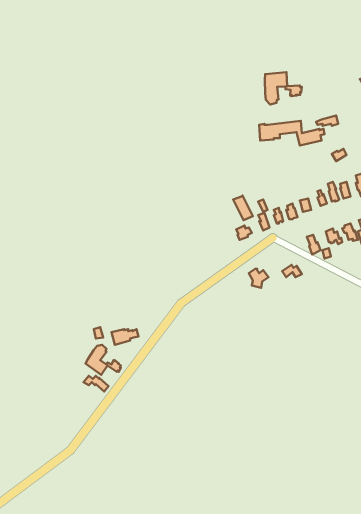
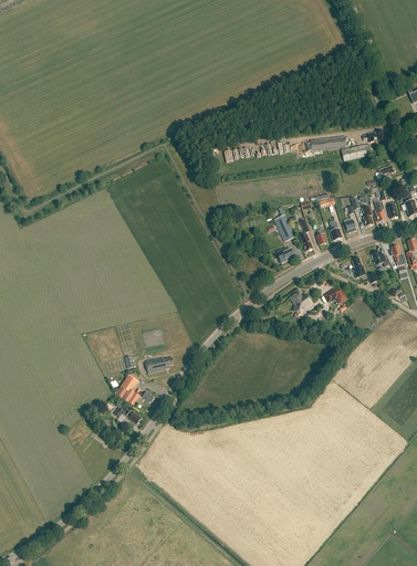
building: [265,72,302,104] -> none

